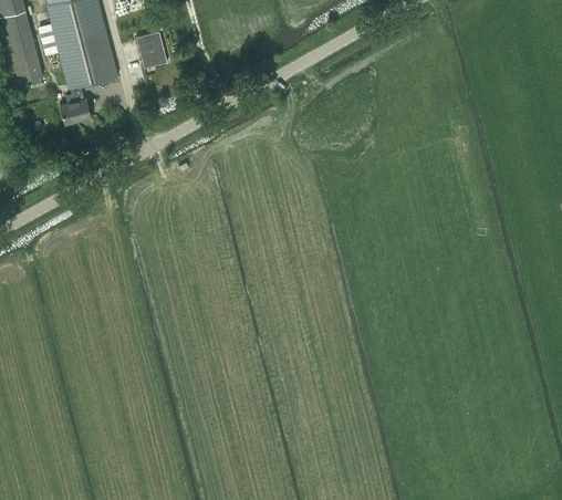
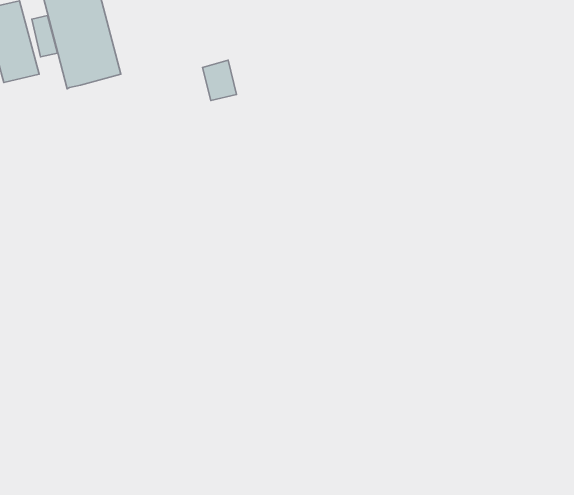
building: [136,30,167,66] -> [202,60,237,100]
building: [61,85,91,123] -> none

